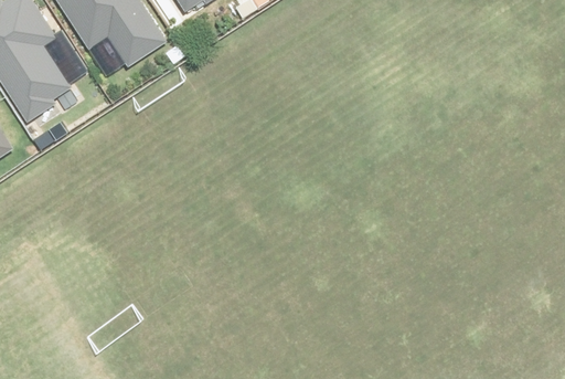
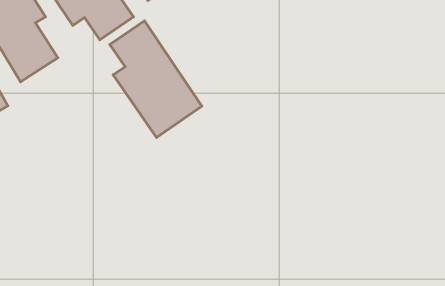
building: none -> [110,21,202,137]

